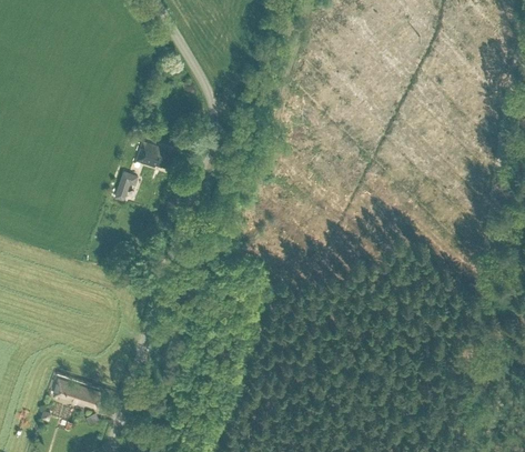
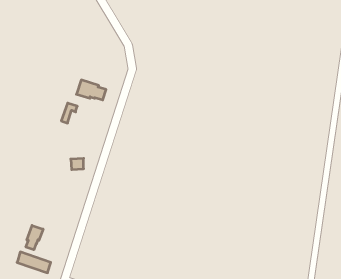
building: none -> [26,225,43,250]

